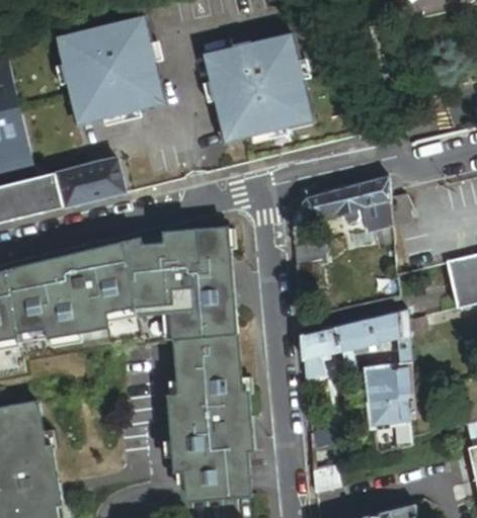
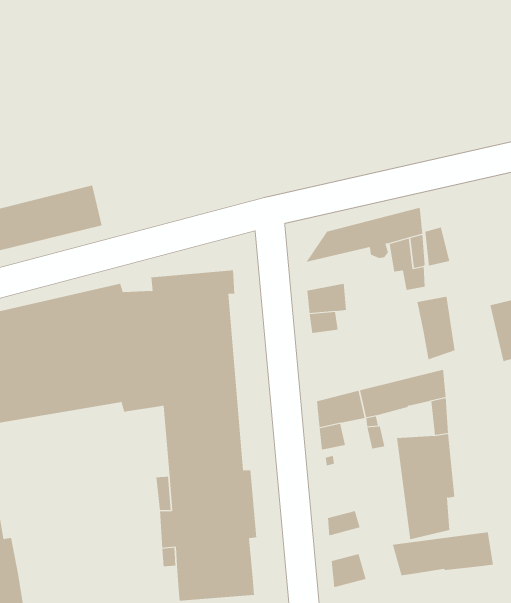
building: [55,15,163,122] -> none
building: [203,33,310,141] -> none
building: none -> [417,296,455,360]
building: none -> [392,531,493,576]

